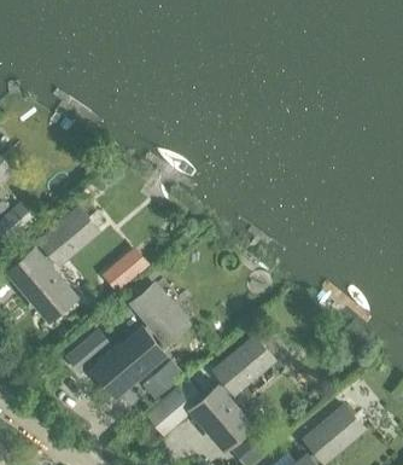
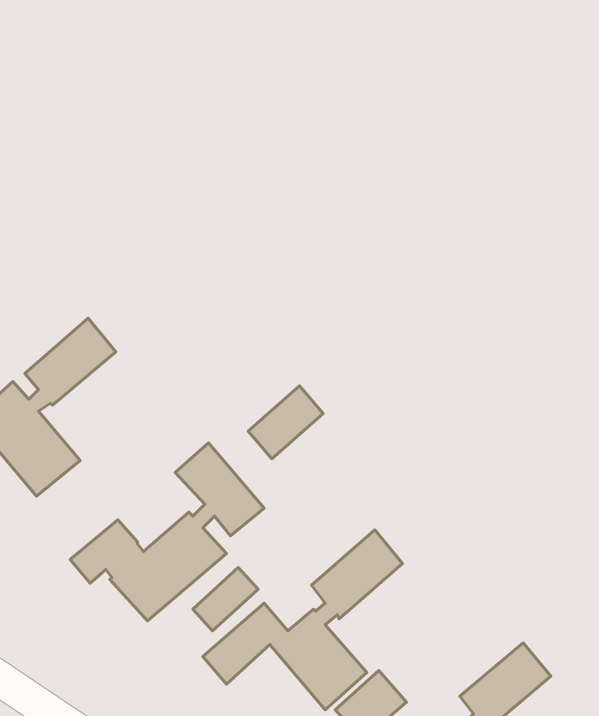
building: [101,248,147,292] -> [248,386,323,459]

